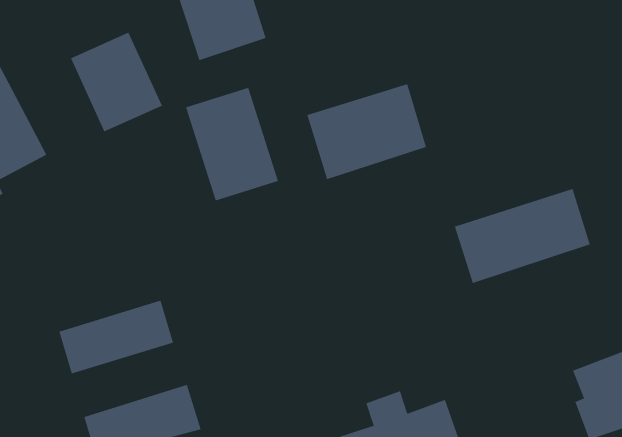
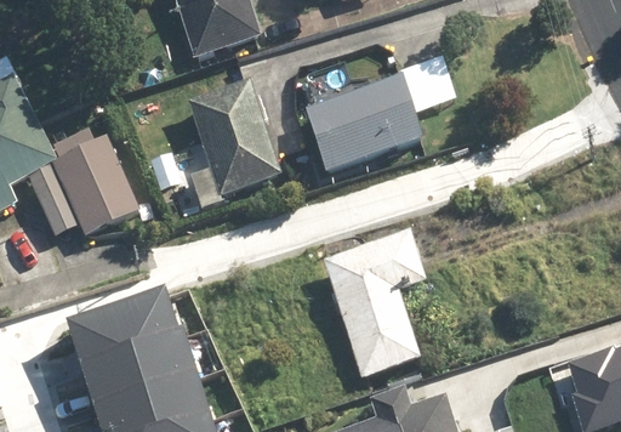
building: [70,32,163,132] -> [47,137,137,234]
building: [454,188,591,284] -> none
building: none -> [321,229,423,371]
building: none -> [79,336,192,408]

